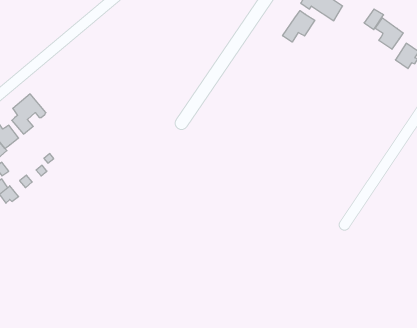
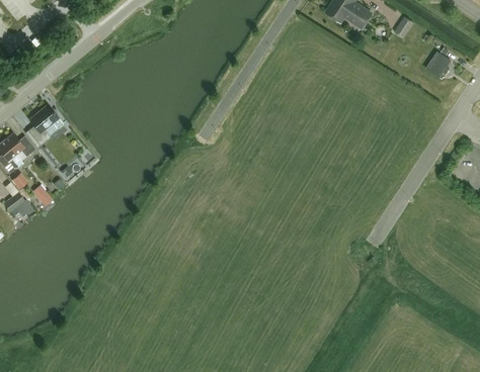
building: [283,11,315,42] -> none
building: [375,18,403,49] -> none

